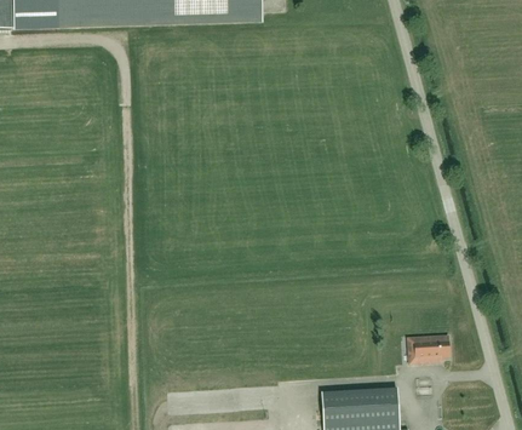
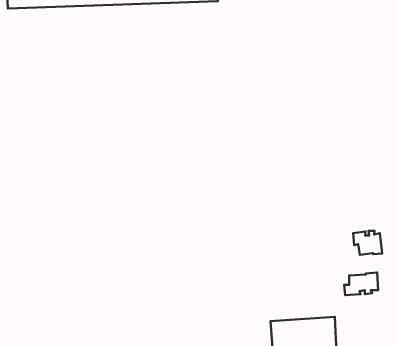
building: none -> [353,231,382,255]

